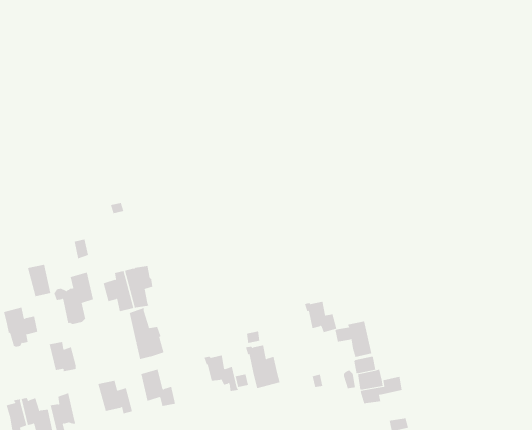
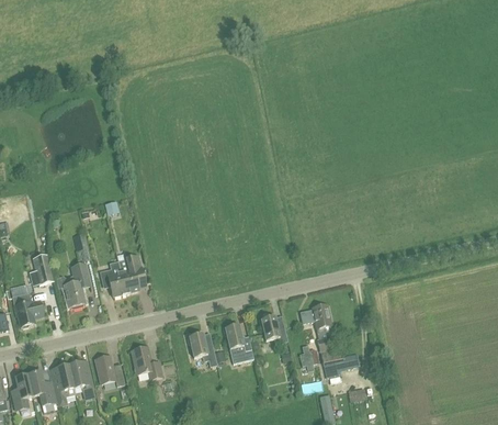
building: [304,301,337,333] -> [259,315,287,343]
building: [129,307,164,360] -> none
building: [49,342,77,372] -> [69,364,93,390]

